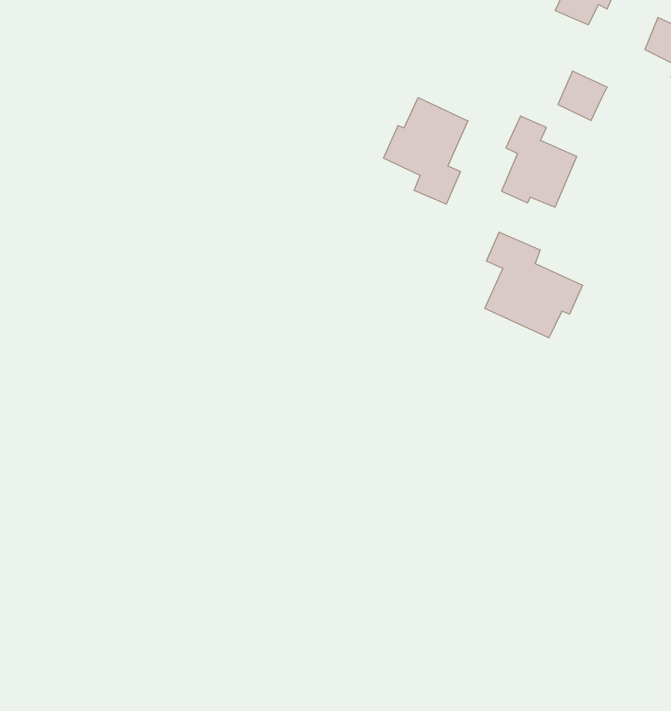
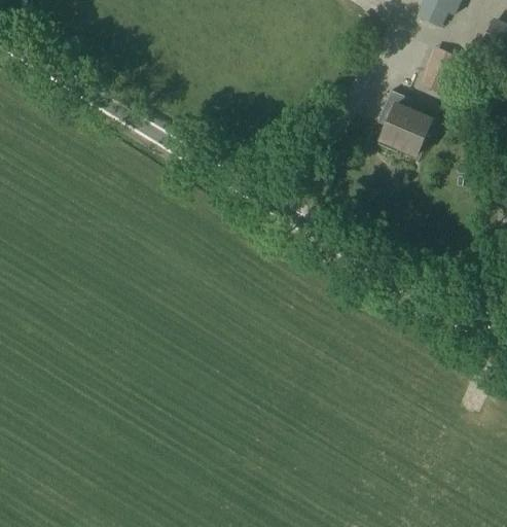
building: [384,98,468,204] -> none
building: [485,232,582,338] -> none

